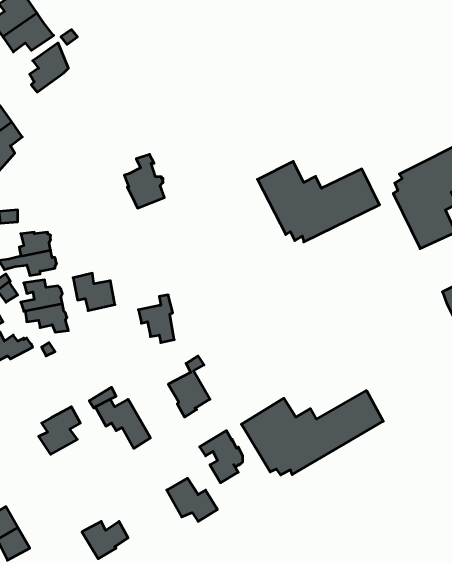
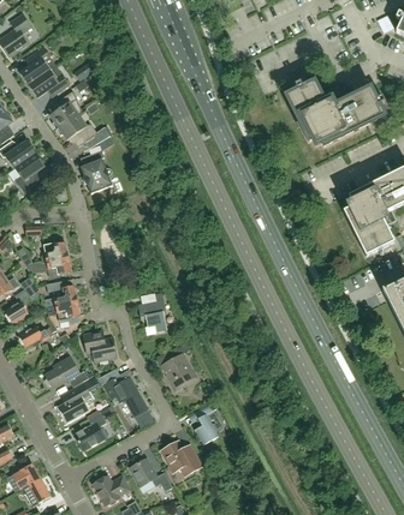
building: none -> [57,113,97,145]
building: [124,154,164,208] -> [81,149,113,192]
building: [257,161,380,242] -> [286,80,385,145]
building: [73,273,115,311] -> [83,330,117,360]
building: none -> [46,355,94,388]
building: [241,391,383,475] -> none
building: none -> [73,411,107,450]
building: none -> [130,455,173,490]

